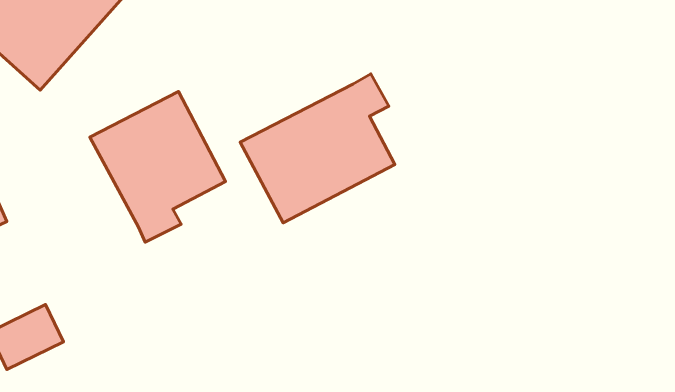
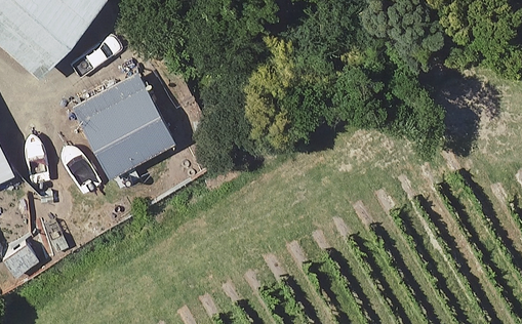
building: [240,74,395,223] -> none

